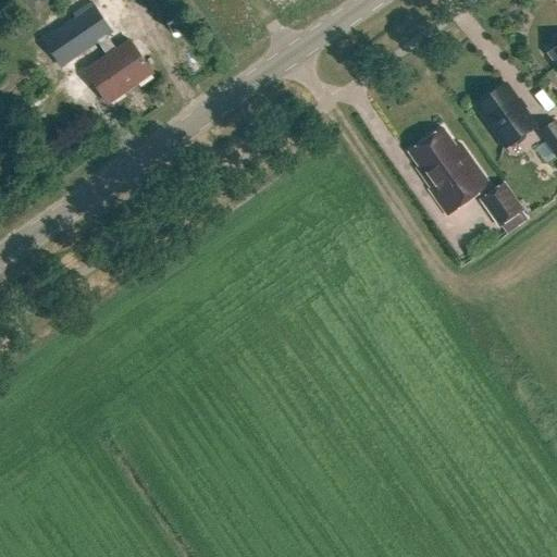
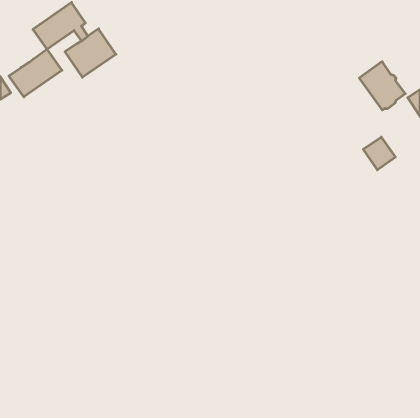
building: none -> [9,49,62,97]
building: [409,126,491,213] -> none

